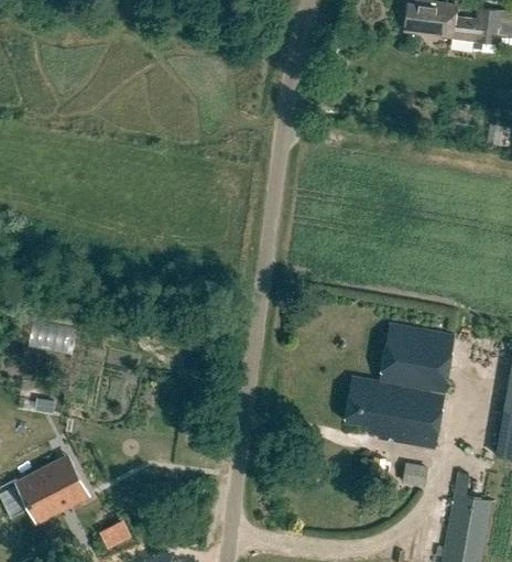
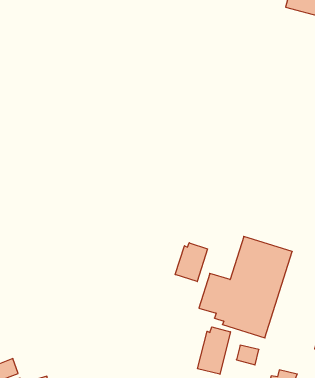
building: none -> [175,243,208,282]
building: none -> [198,327,230,374]

